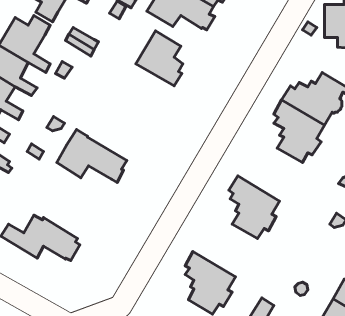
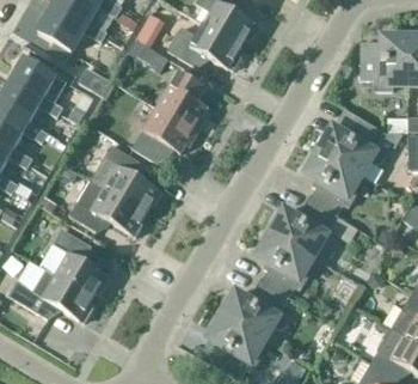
building: none -> [131,106,197,164]
building: none -> [100,144,161,212]
building: none -> [266,199,337,256]
building: none -> [53,228,110,297]
building: none -> [217,281,299,339]

